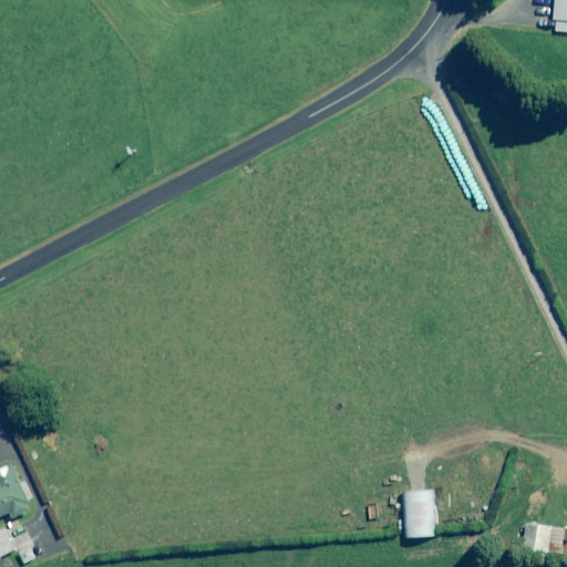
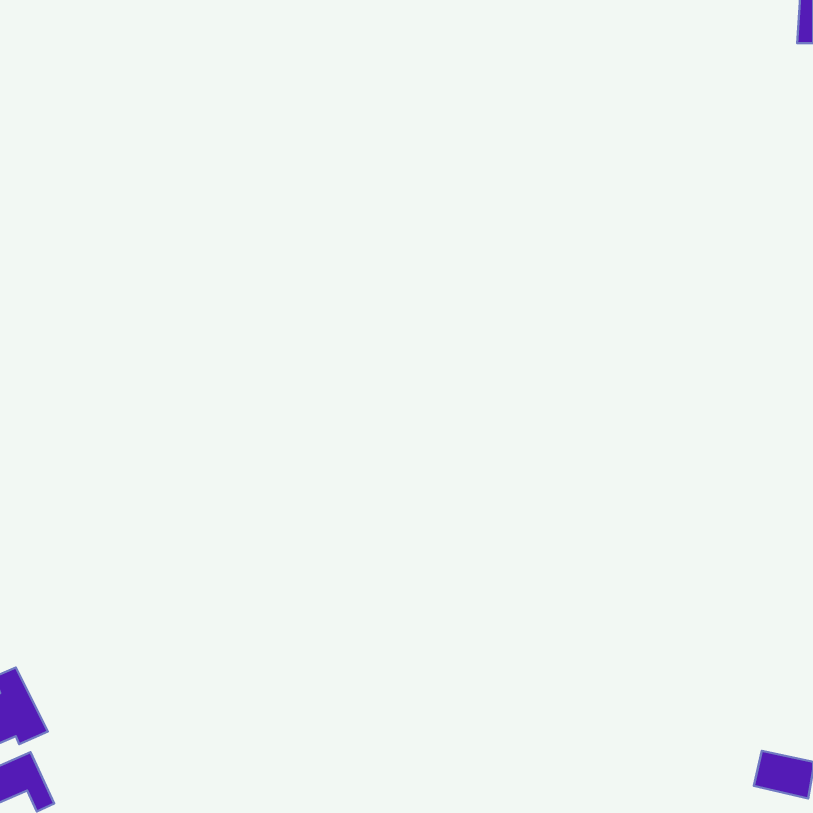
building: [405,491,432,537] -> none

